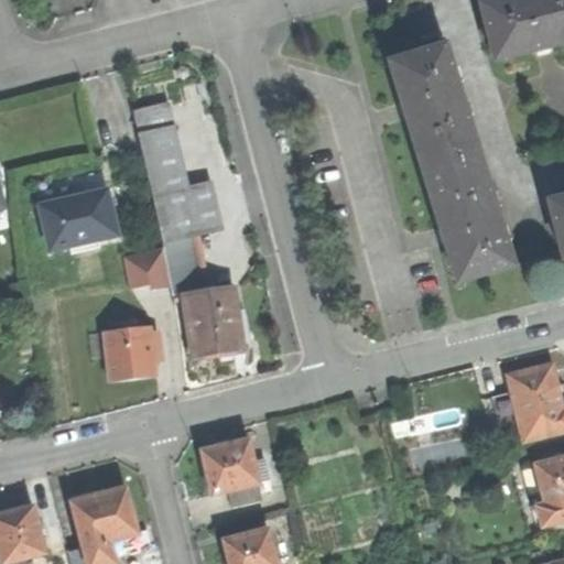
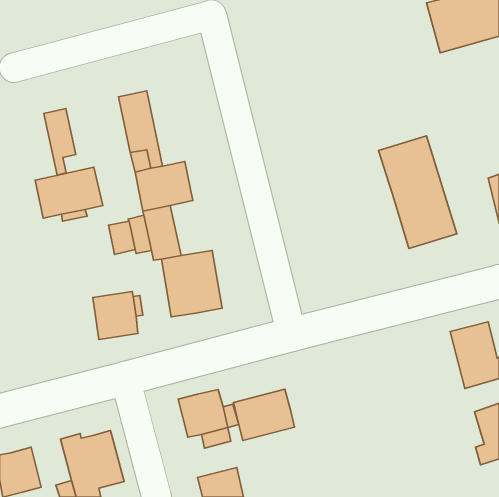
building: [392,42,480,170] -> none
building: none -> [44,109,76,175]
building: none -> [233,389,294,440]

